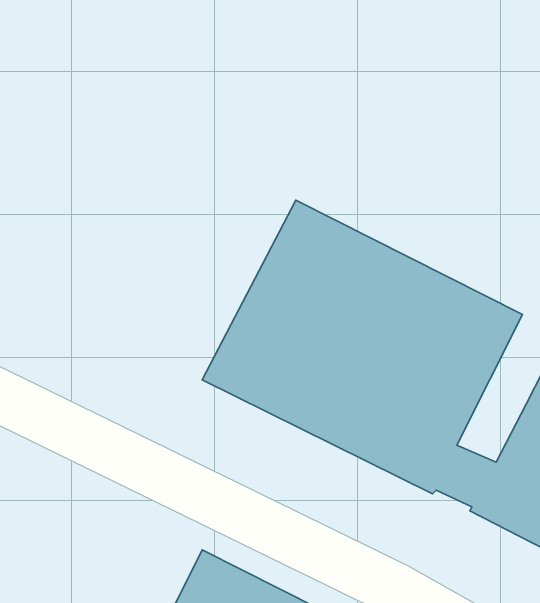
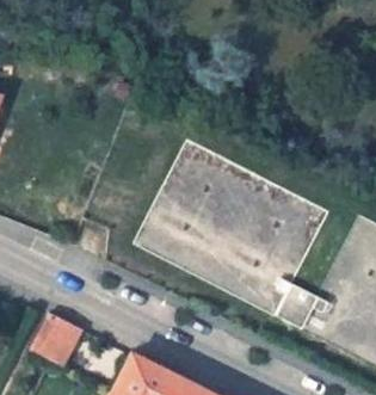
building: none -> [33,314,80,364]

